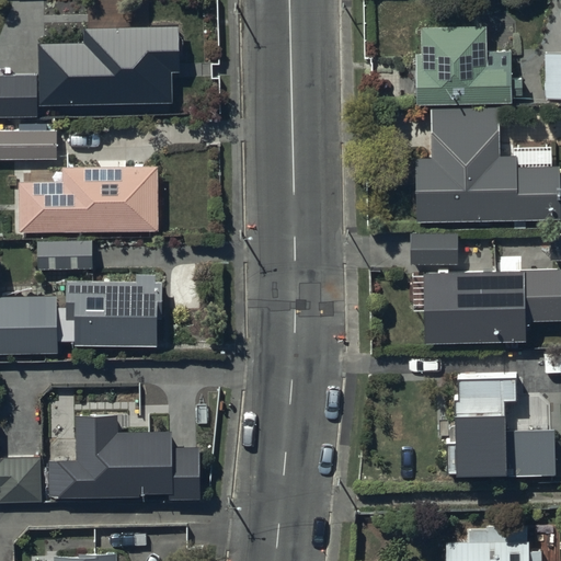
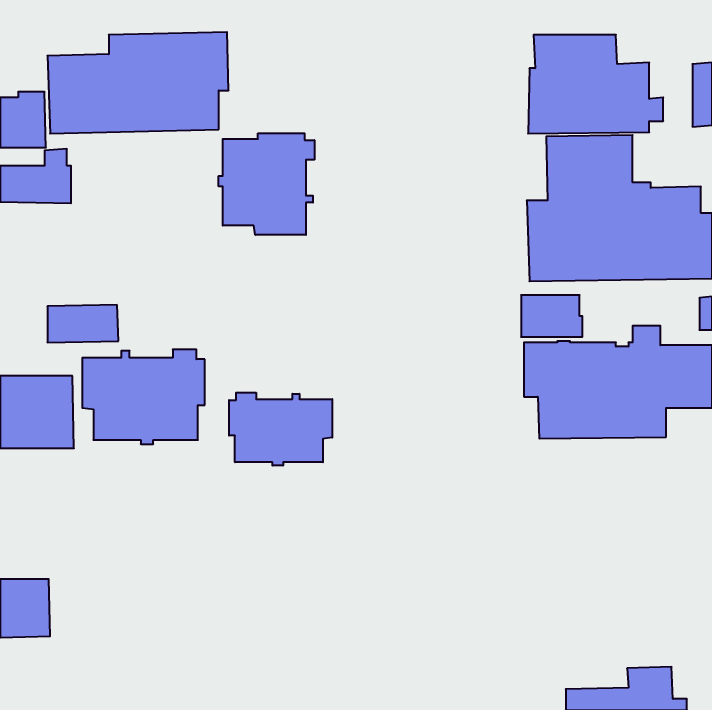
building: none -> [219,133,314,235]
building: [16,163,158,232] -> none
building: none -> [229,393,332,466]
building: [445,379,556,479] -> none
building: [50,413,201,500] -> none

